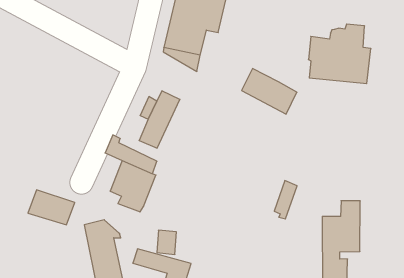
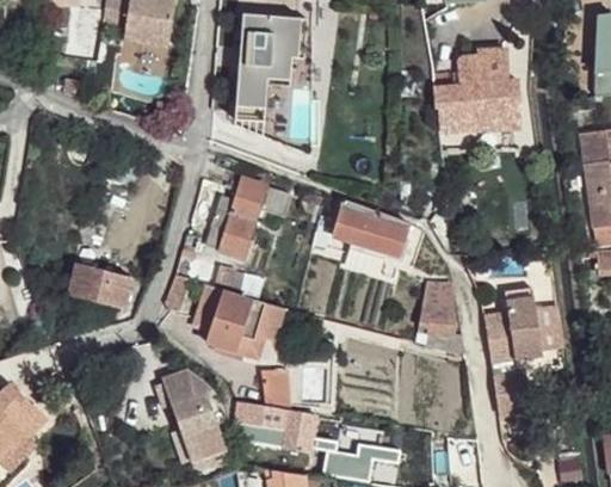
building: [242,69,297,114] -> [332,199,408,255]
building: none -> [237,295,280,347]
building: [28,190,75,225] -> [68,263,130,304]

